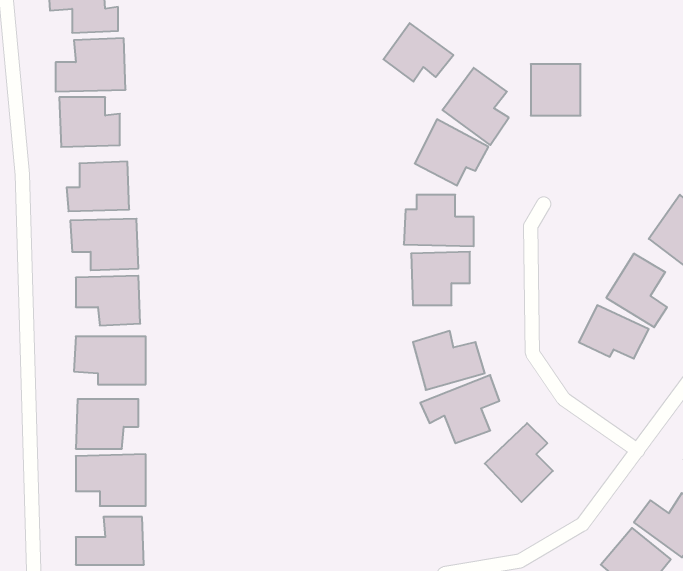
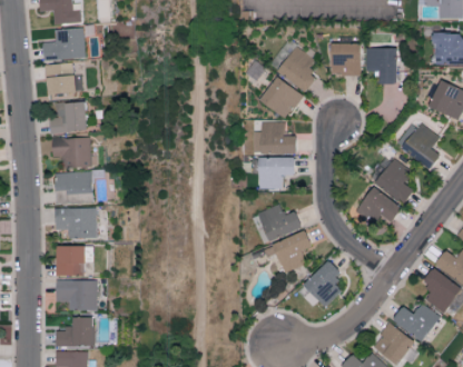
building: [383,23,453,82] -> none
building: none -> [365,48,396,83]

